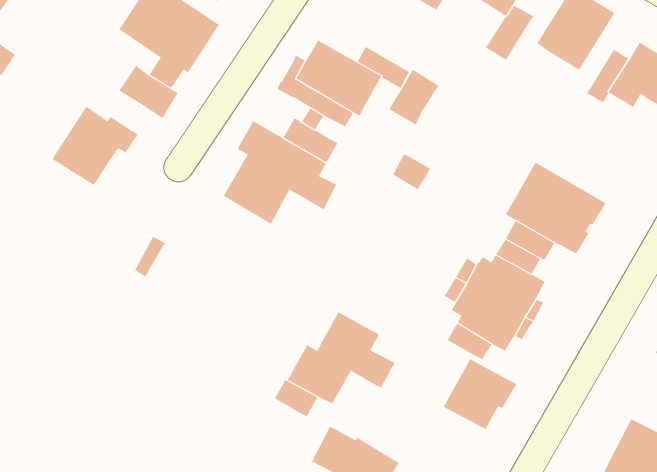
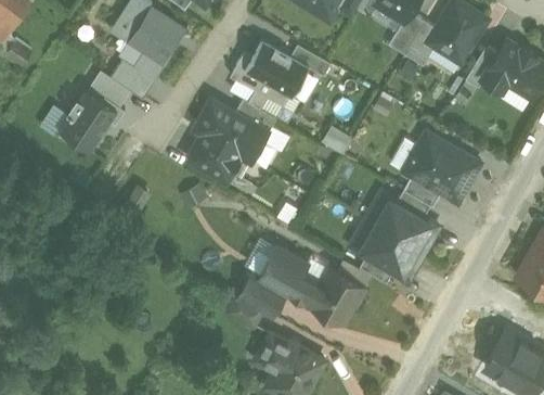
building: none -> [405,21,437,65]
building: [388,69,439,125] -> none
building: none -> [88,69,131,107]
building: [443,358,517,430] -> [310,267,366,321]

